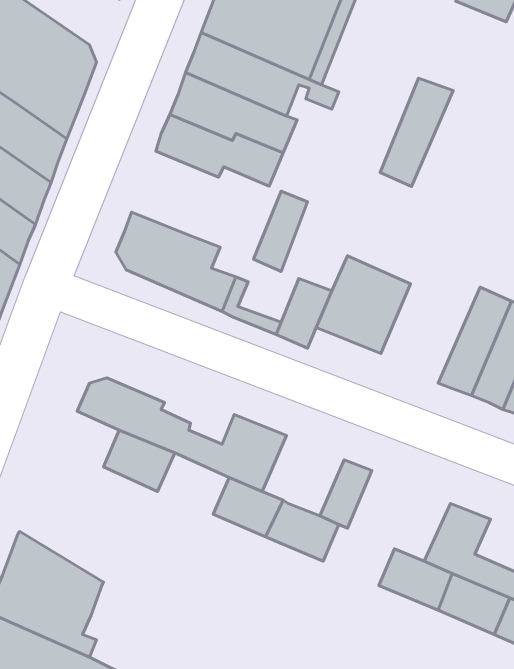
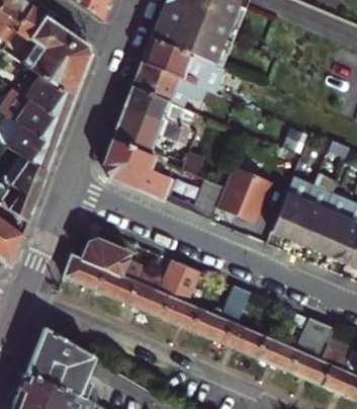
building: [380,78,453,186] -> [271,177,314,240]
building: none -> [111,105,191,155]
building: none -> [62,253,104,289]
building: none -> [126,280,168,316]
building: none -> [222,322,264,357]

